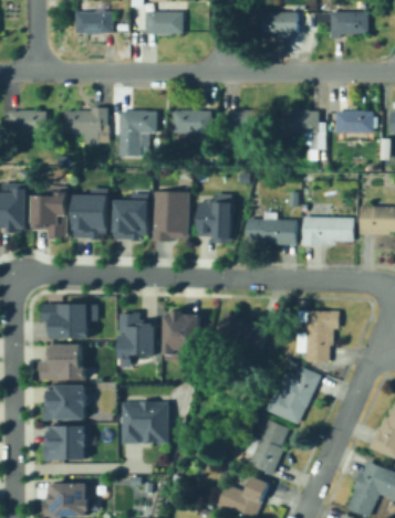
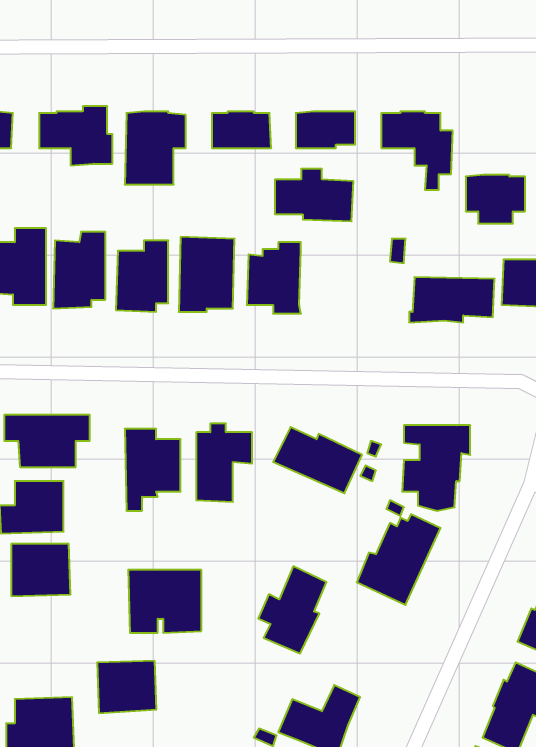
building: [335,112,373,142] -> [466,175,525,224]
building: [246,212,295,245] -> [275,169,353,221]
building: [245,419,288,474] -> [258,566,326,653]
building: [46,426,84,459] -> [97,661,156,713]

